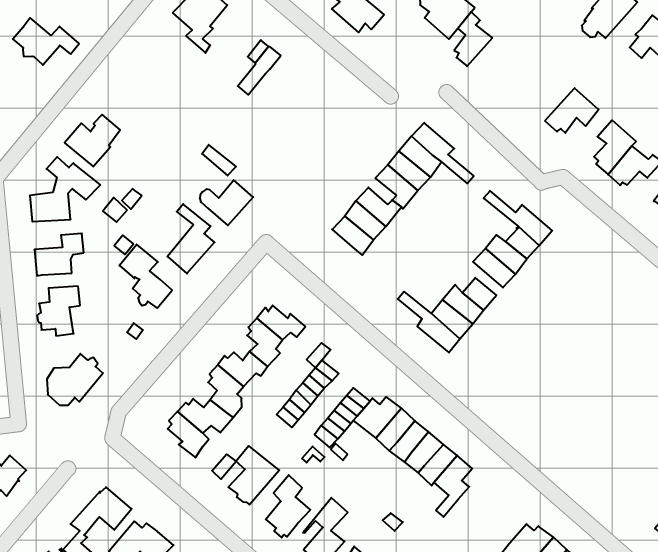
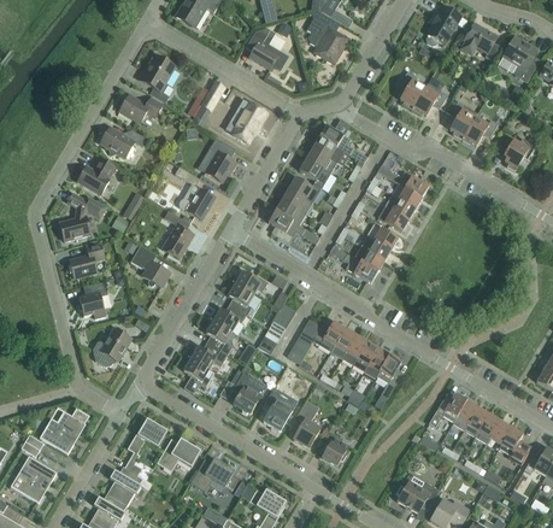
building: [454,12,492,66] -> [400,71,425,110]
building: [13,18,79,65] -> [100,127,147,158]
building: none -> [117,94,163,123]
building: none -> [224,102,266,142]
building: none -> [205,137,236,182]
building: none -> [269,211,319,244]

